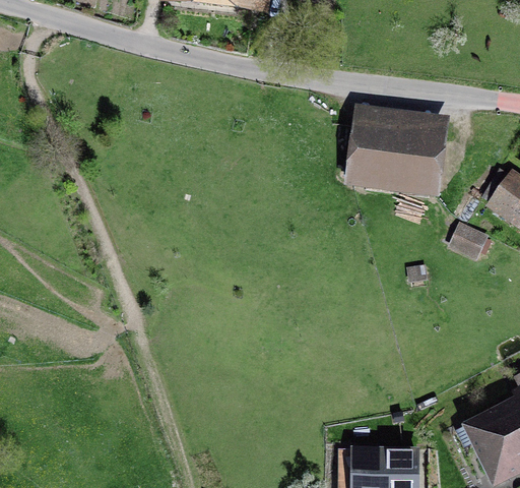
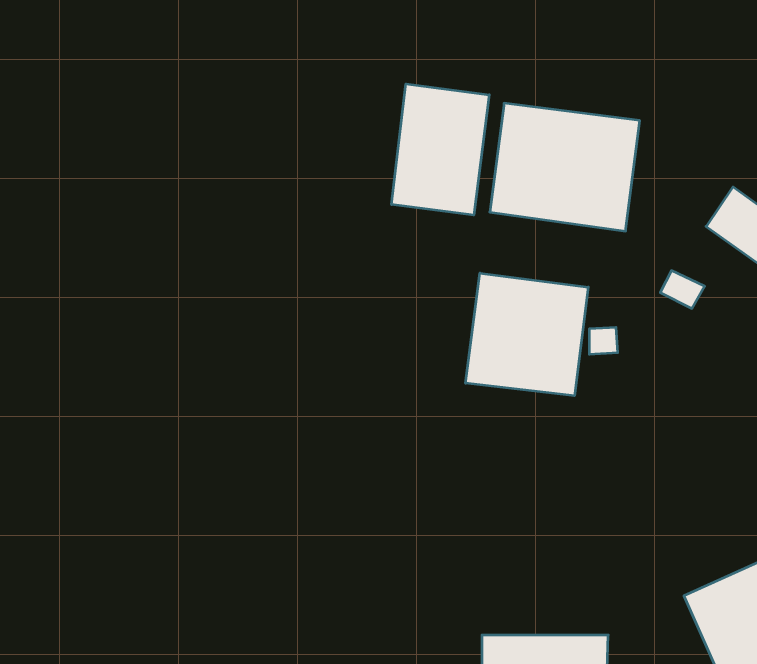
building: none -> [392,84,489,215]
building: none -> [466,273,588,396]

